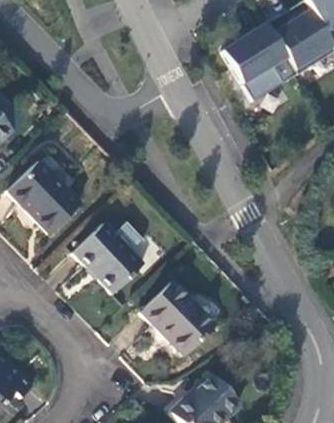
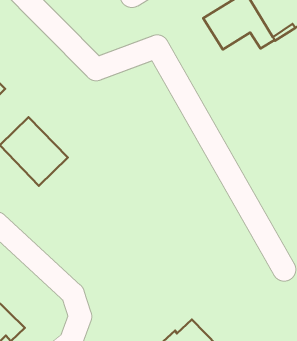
building: [74,223,143,291] -> none
building: [143,282,215,354] -> none

